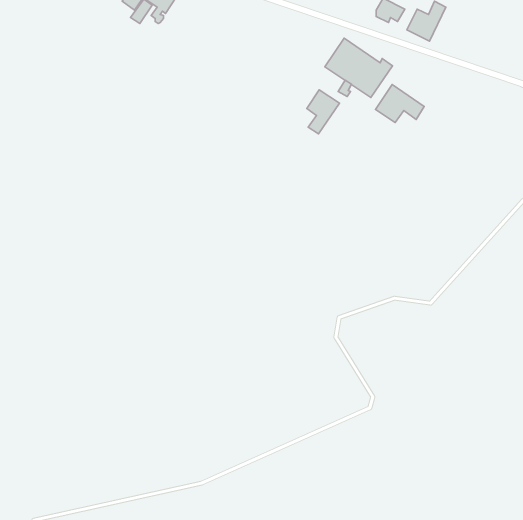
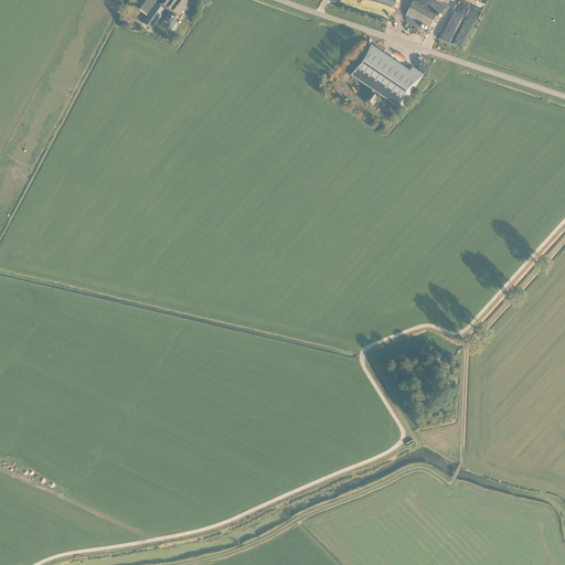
building: [376,84,424,123] -> none
building: [307,90,340,134] -> none

